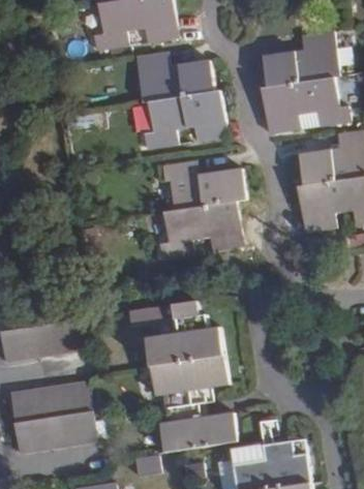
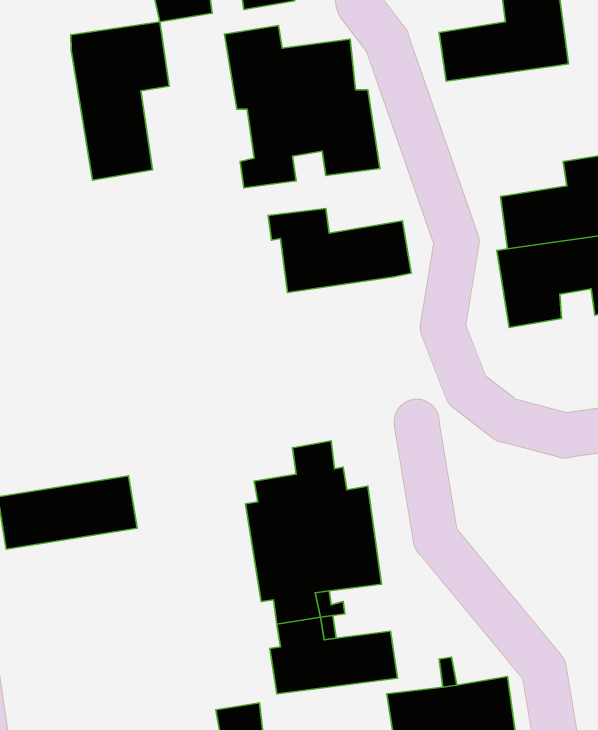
building: none -> [71,22,169,180]
building: [261,77,350,134] -> none
building: [159,202,243,258] -> none
building: [10,379,97,453] -> none

